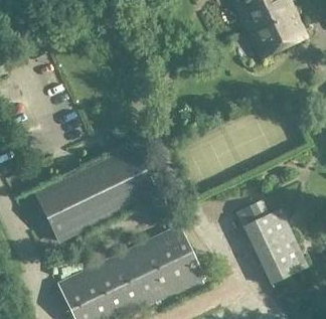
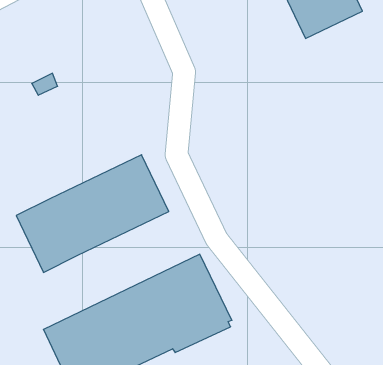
building: [237,205,306,284] -> none

